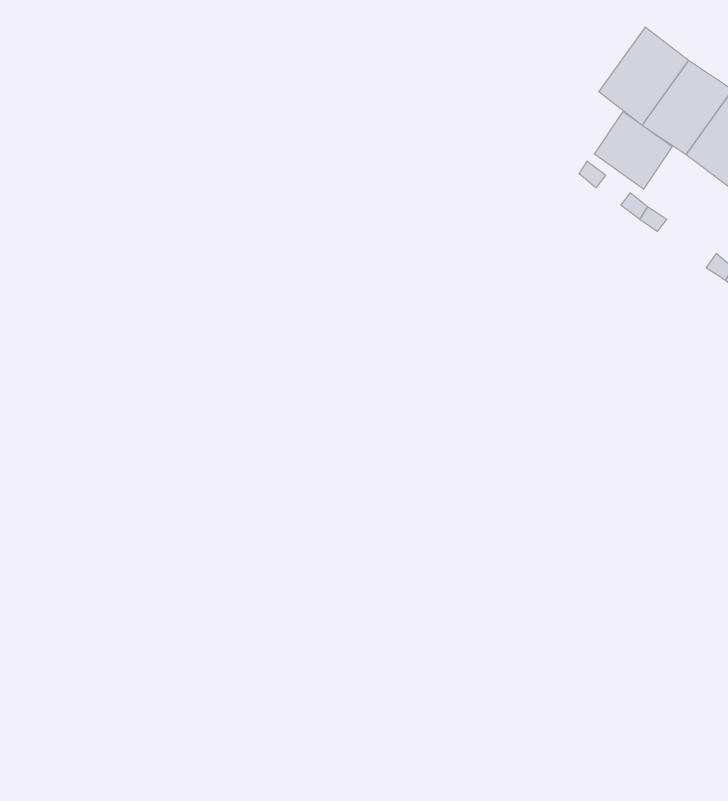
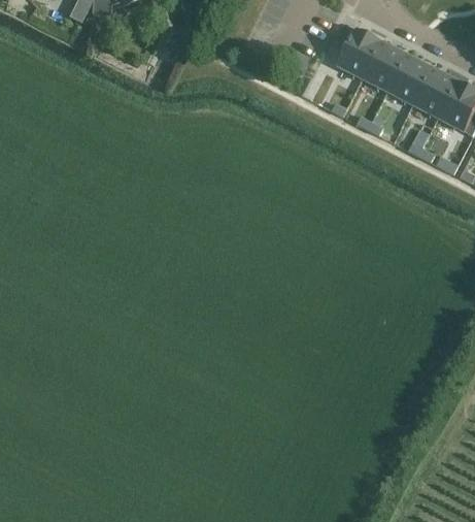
building: [594,111,672,189] -> none

